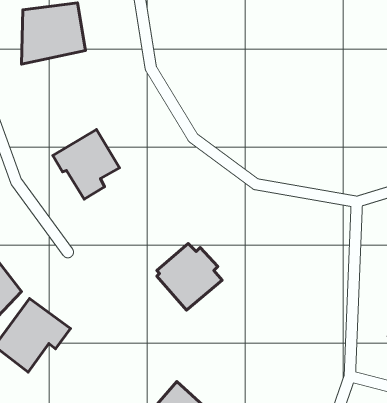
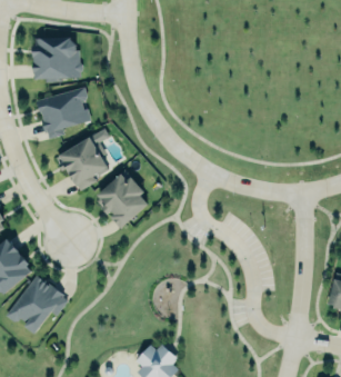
building: none -> [36,86,90,140]
building: [157,243,222,310] -> [96,175,149,229]

